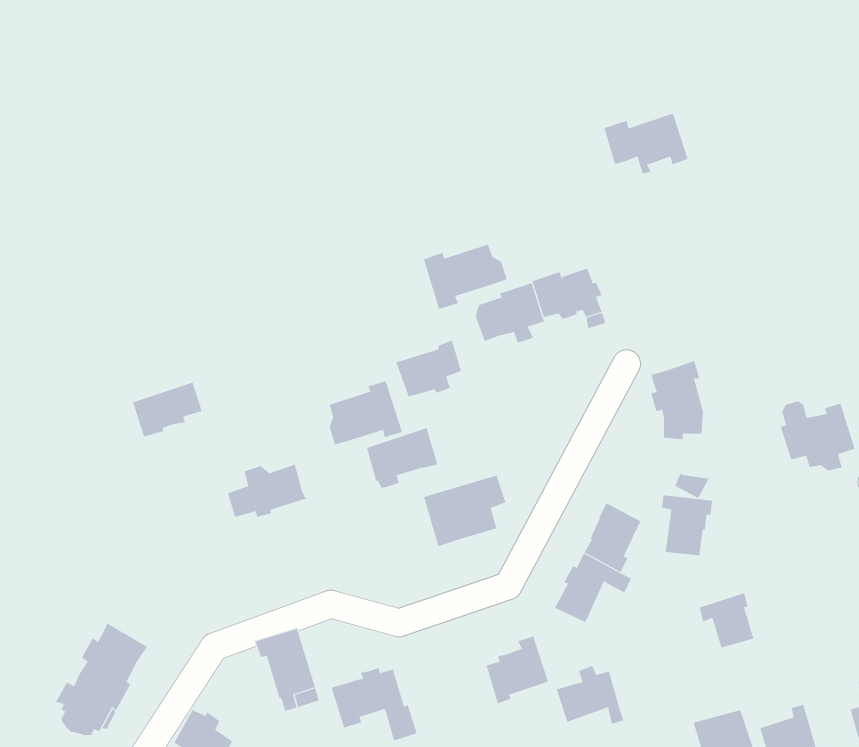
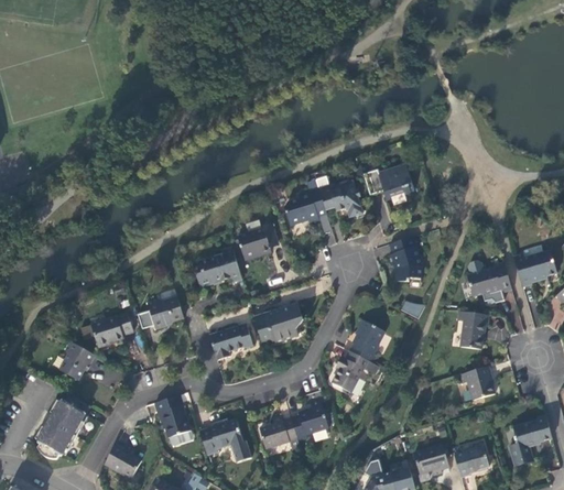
building: [603,113,688,174] -> [362,164,413,200]
building: [423,244,507,310] -> none
building: [132,382,203,437] -> [90,314,132,347]
building: [366,428,438,489] -> [209,324,252,360]
building: [661,495,713,556] -> [459,312,490,348]
building: none -> [57,341,94,380]
building: [699,593,754,648] -> [459,366,492,399]
building: [556,665,624,724] -> [259,414,300,449]

